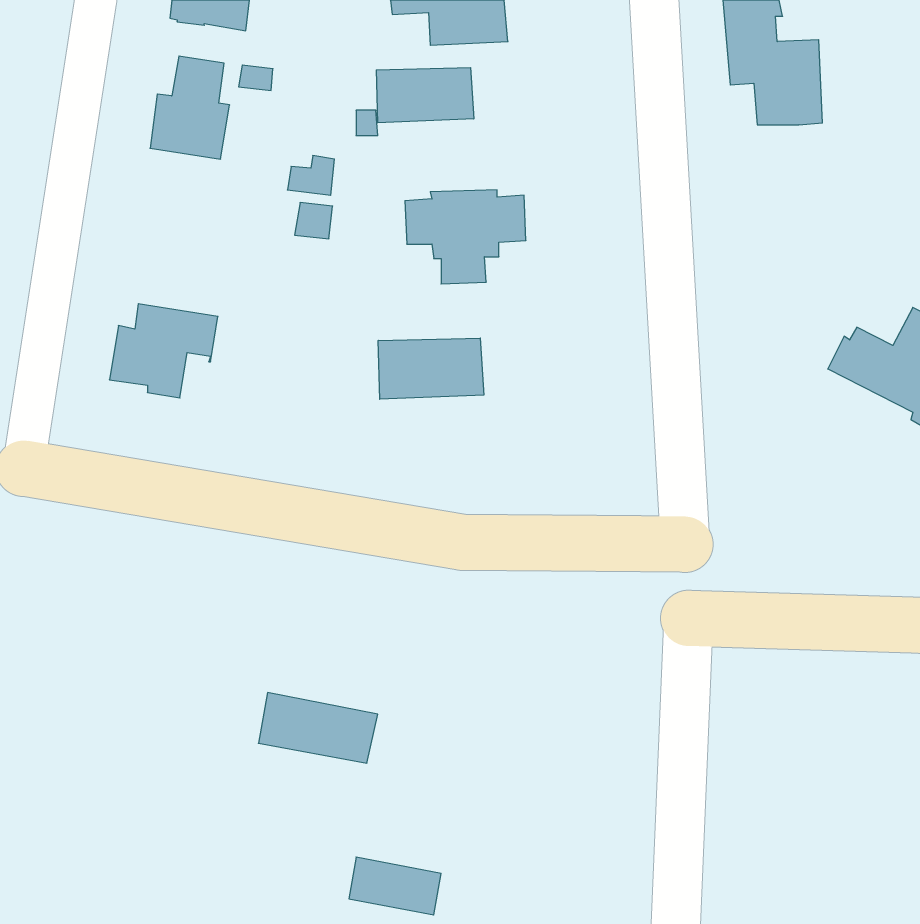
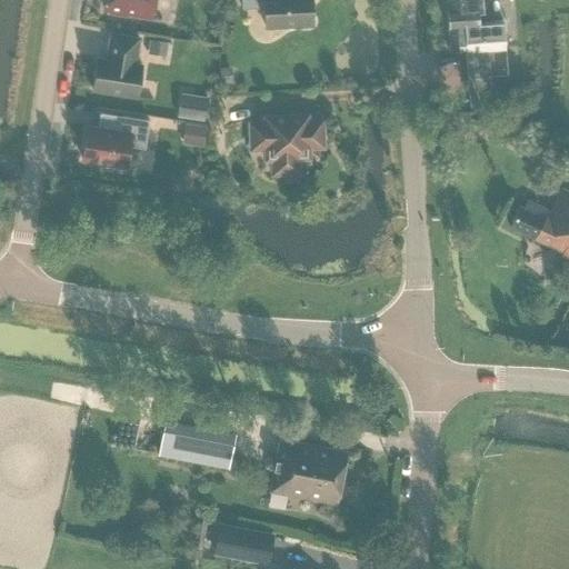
building: [376,68,474,123] -> none
building: [109,304,218,398] -> [83,113,150,171]
building: [378,338,484,399] -> none
building: none -> [274,439,348,505]

